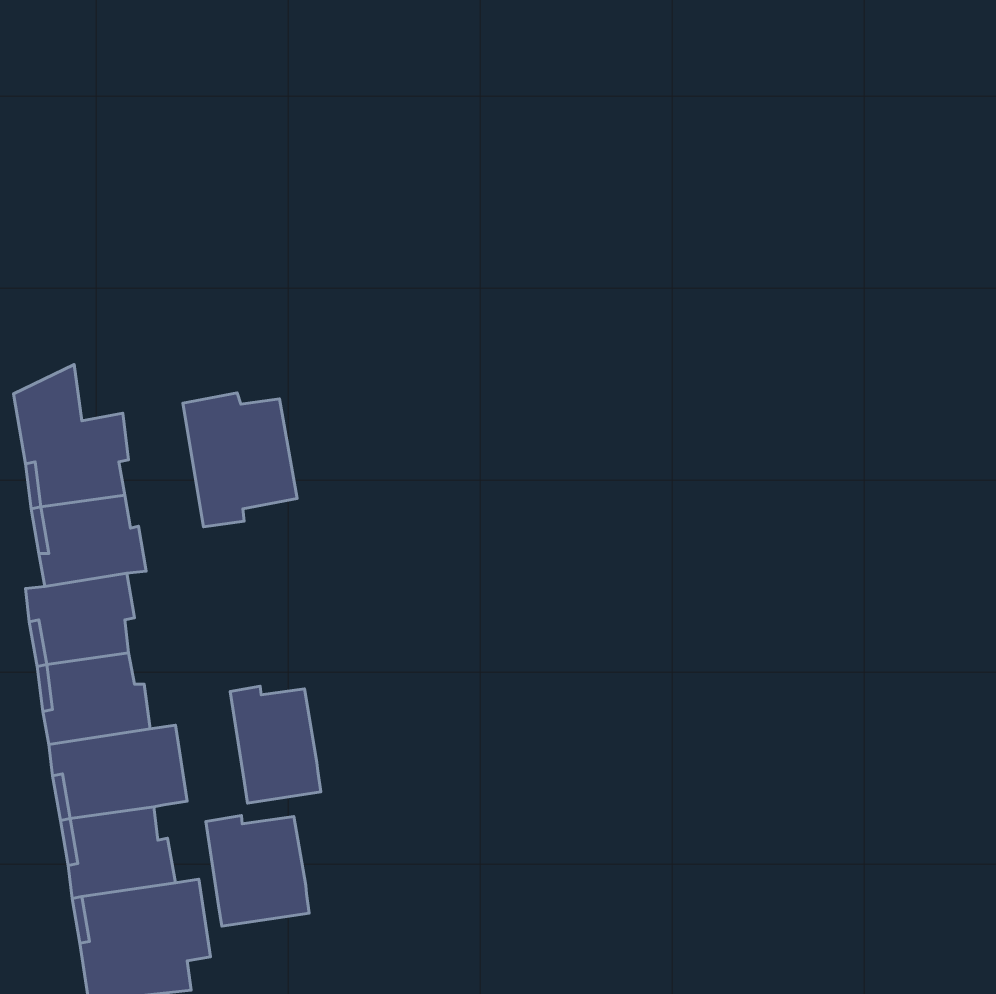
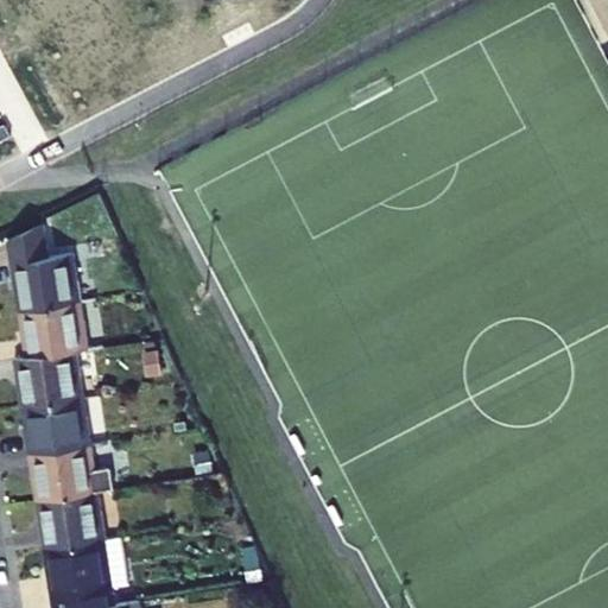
building: [183,393,297,527] -> none
building: [230,686,321,803] -> none
building: [206,815,309,926] -> none

